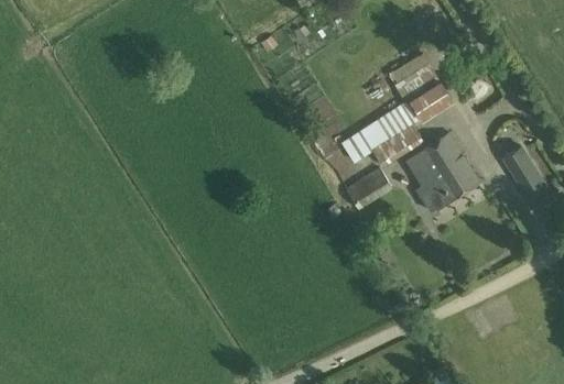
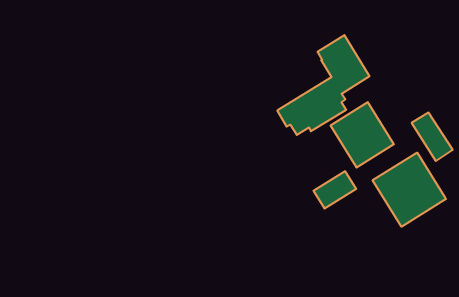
building: [343,166,393,210] -> [313,171,356,209]
building: none -> [373,153,446,227]

